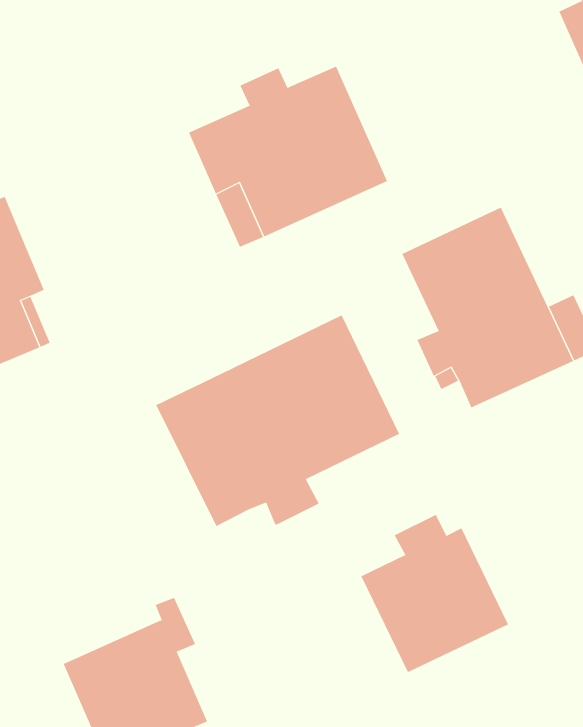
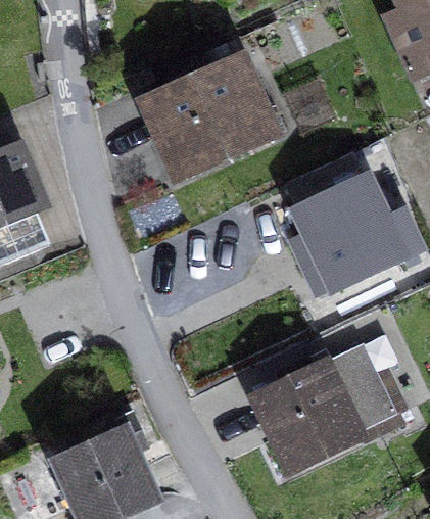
building: [155,315,400,527] -> none
building: none -> [307,345,397,435]

